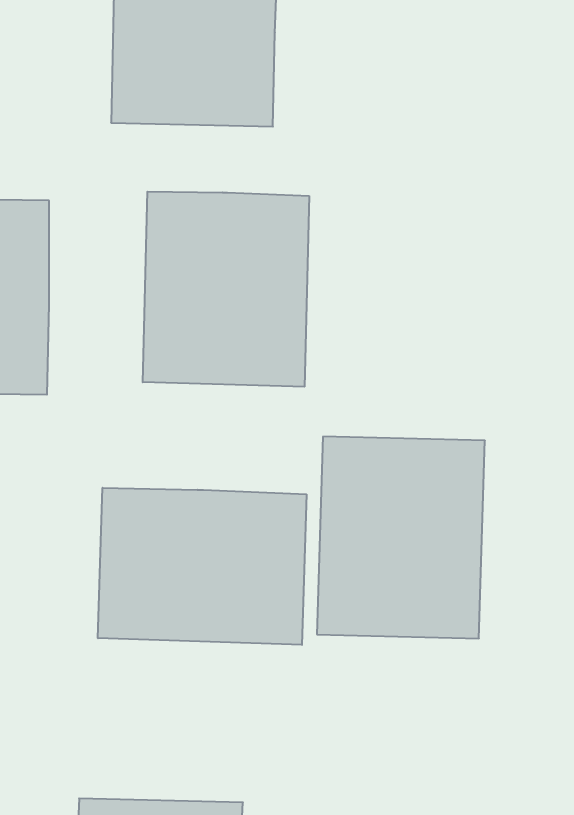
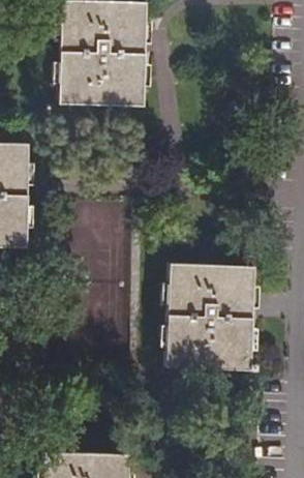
building: [143,192,309,387] -> none
building: [98,488,306,645] -> none

